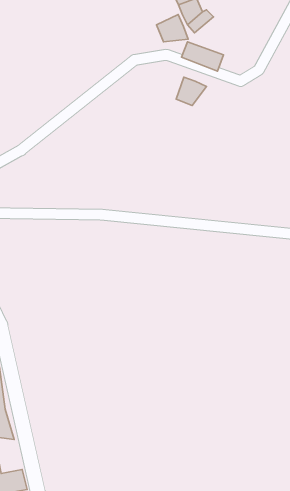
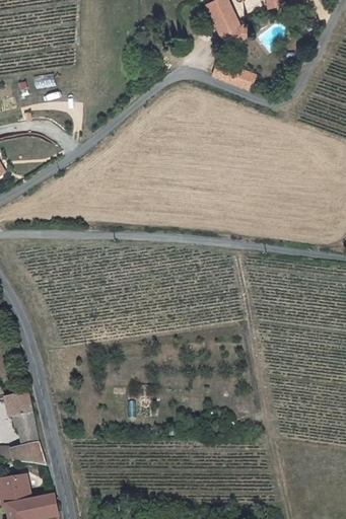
building: [156,15,188,42] -> none
building: [176,77,207,105] -> none

